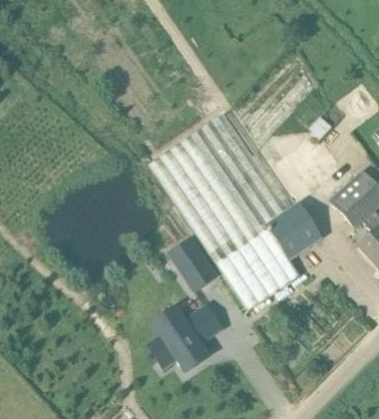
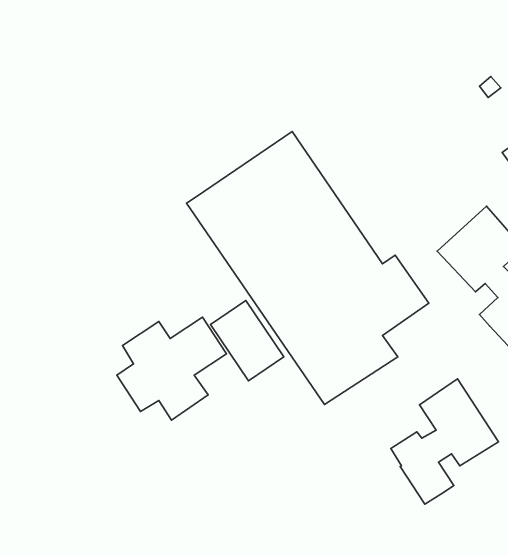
building: none -> [391,379,499,504]
building: [145,302,224,375] -> [117,317,227,420]

